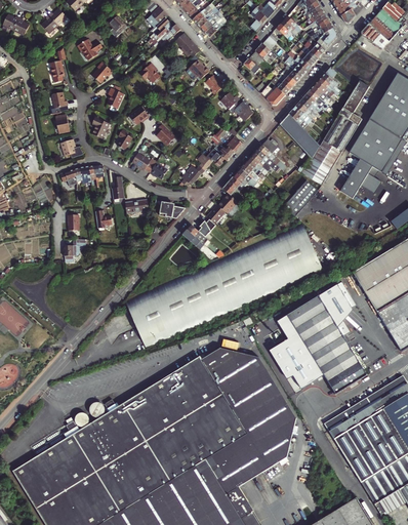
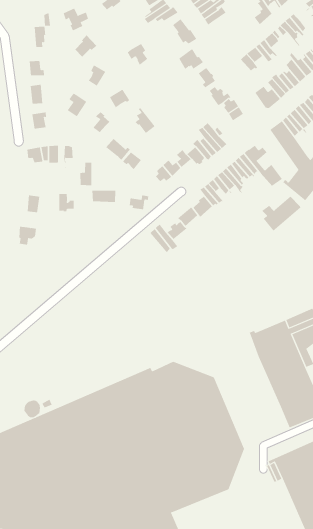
building: [124,224,321,346] -> none
building: [270,332,324,389] -> none

